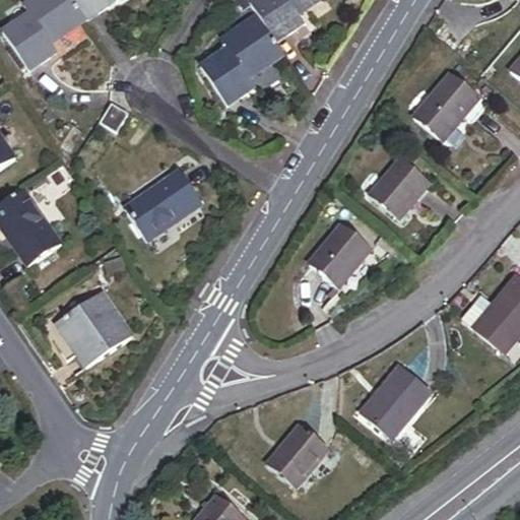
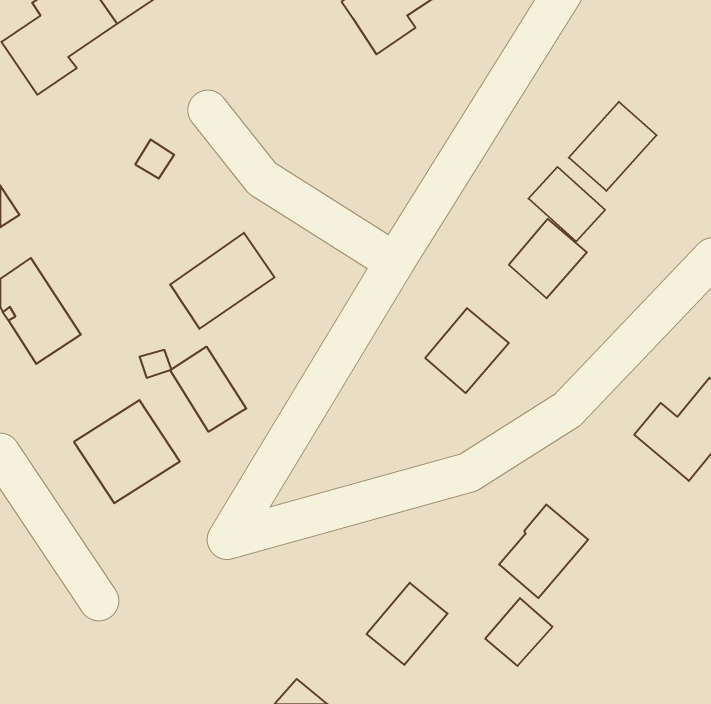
building: [201,13,283,104] -> none
building: none -> [528,167,605,241]
building: none -> [170,347,246,432]
building: none -> [485,598,552,666]

